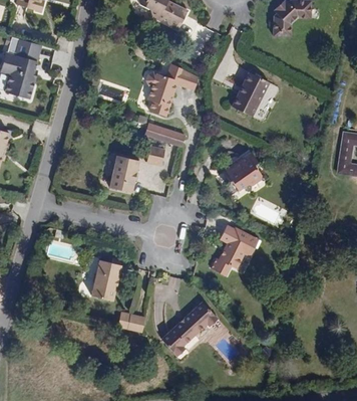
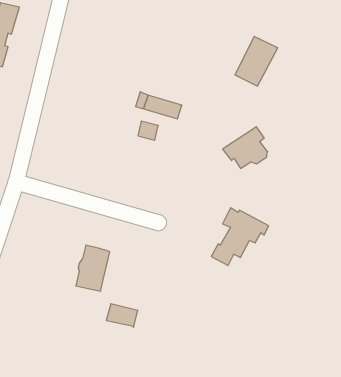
building: [147,63,200,116] -> none
building: [110,155,139,192] -> none
building: [160,300,219,356] -> none

